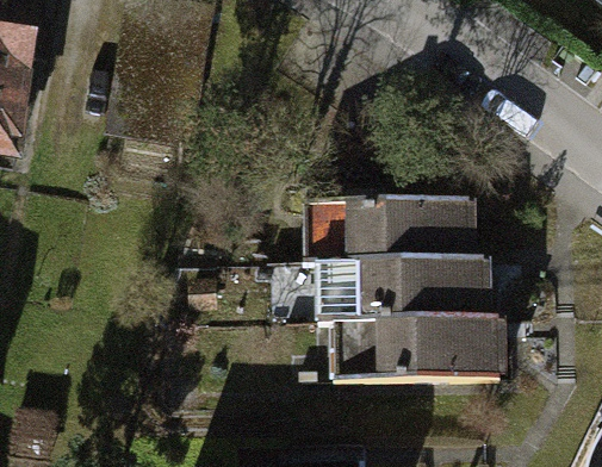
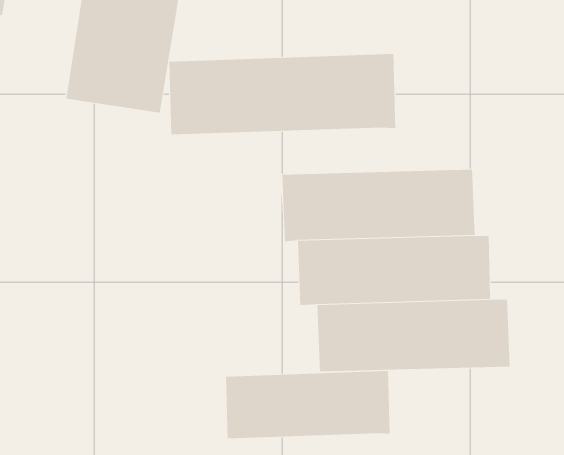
building: none -> [169,53,396,135]
building: none -> [226,370,390,439]

